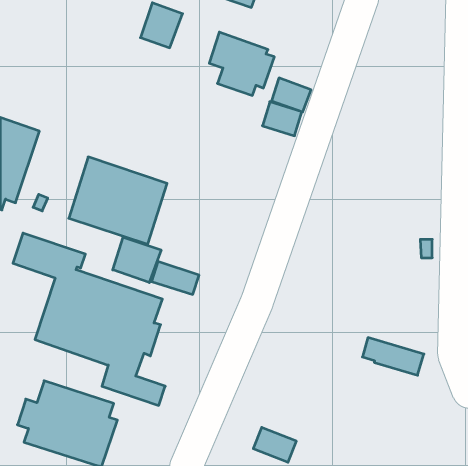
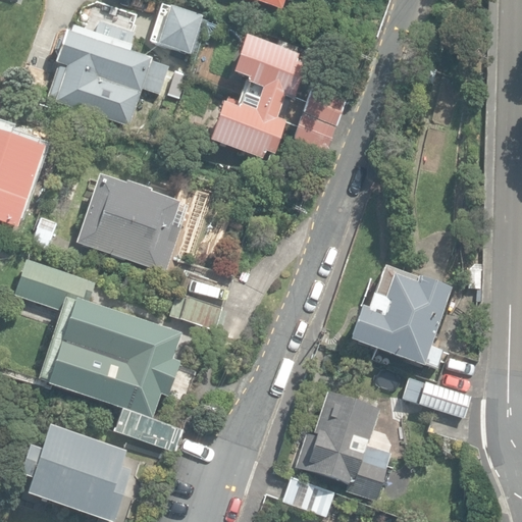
building: none -> [51,20,168,125]
building: none -> [211,93,286,157]
building: none -> [348,263,451,367]
building: [113,237,161,283] -> none
building: none -> [296,390,397,495]

